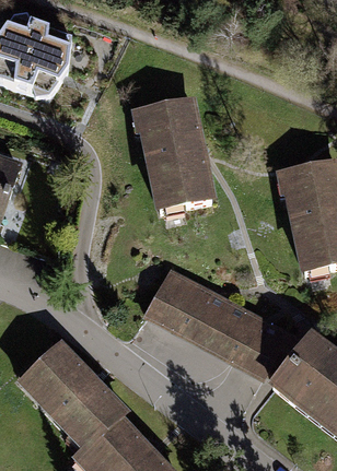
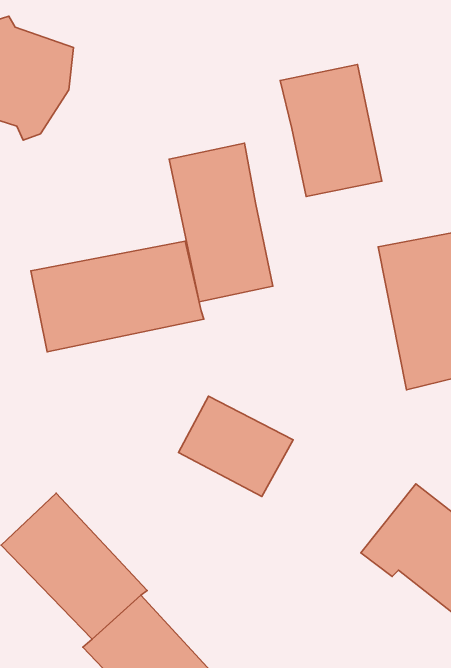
building: none -> [280,64,382,197]
building: none -> [31,241,204,352]
building: [202,307,282,377] -> none

